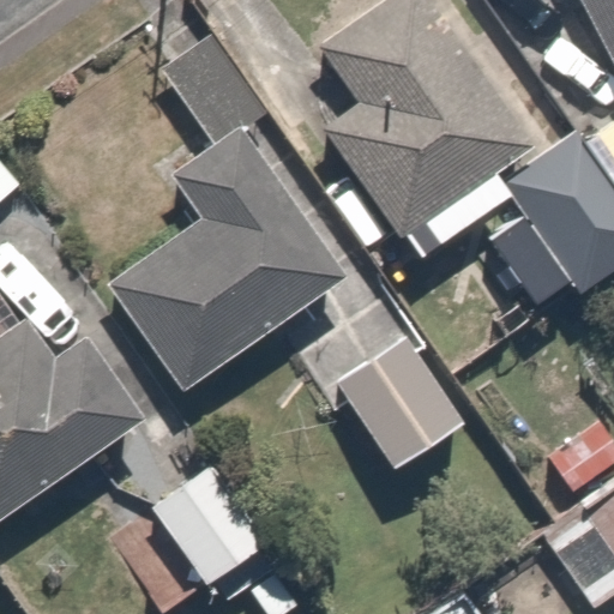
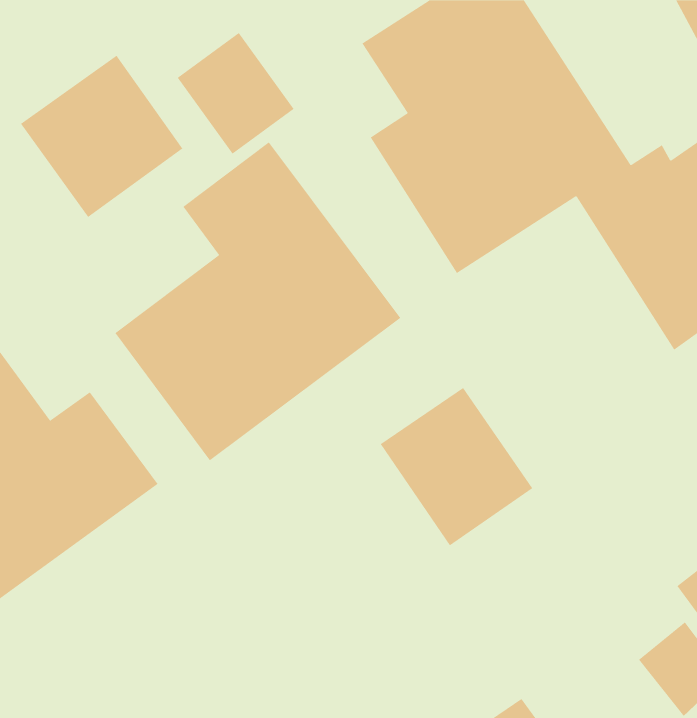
building: none -> [20,55,183,218]
building: [151,463,275,594] -> none

